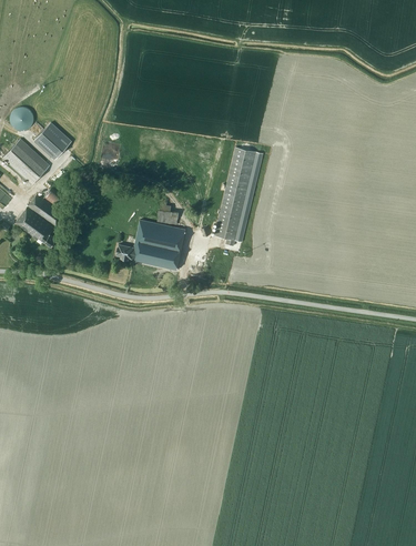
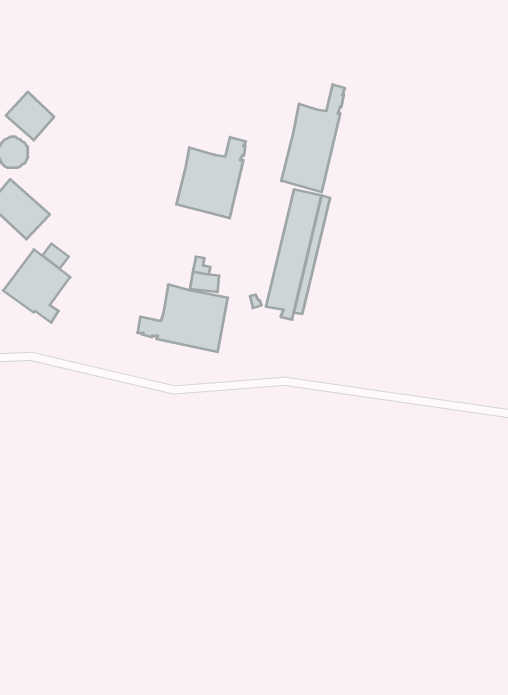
building: none -> [281,84,345,192]
building: none -> [176,137,246,218]
building: [34,122,71,159] -> [6,92,54,140]

